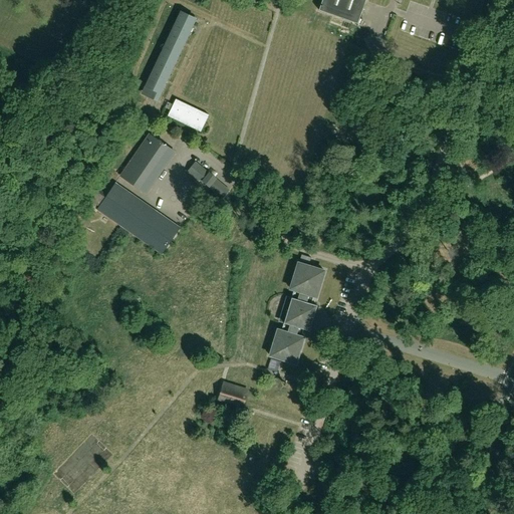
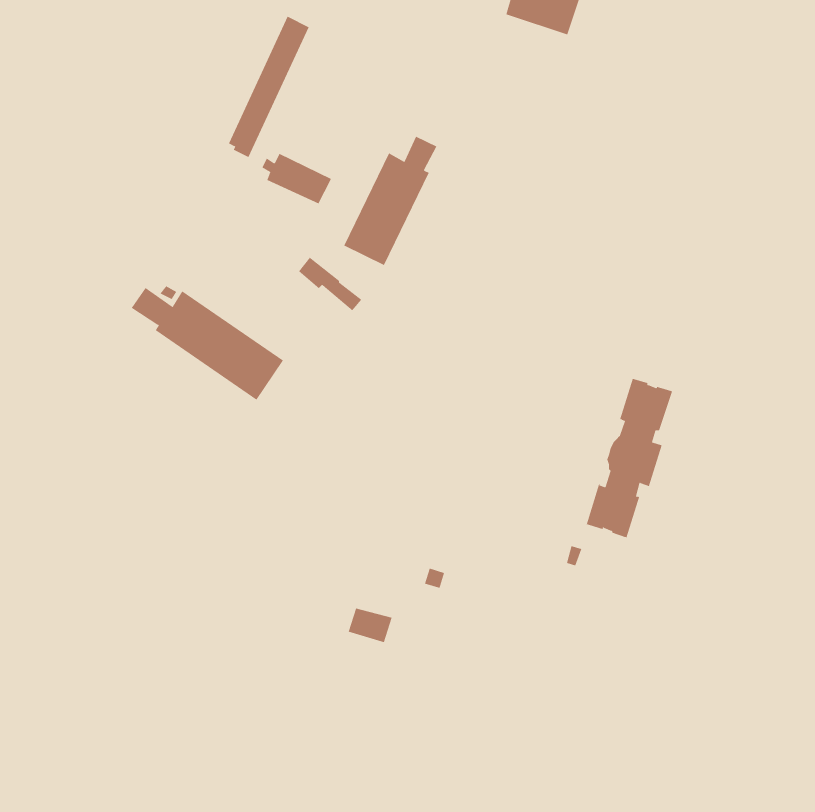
building: none -> [344,136,437,266]
building: [120,134,175,192] -> none
building: [269,262,324,362] -> [586,378,674,538]

